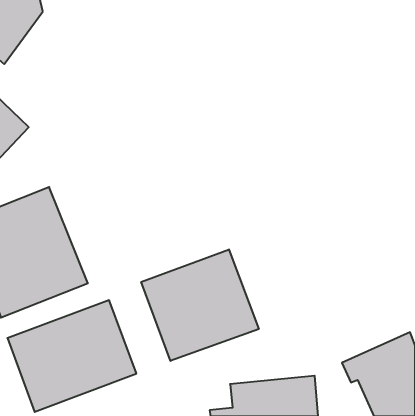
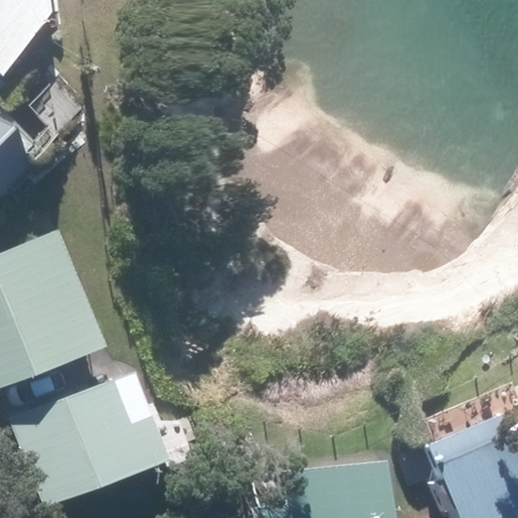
building: [141,249,259,361] -> none

